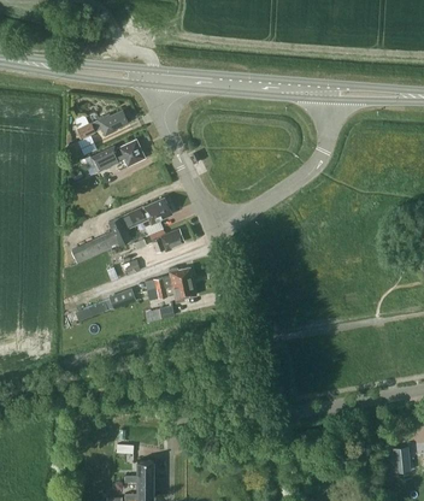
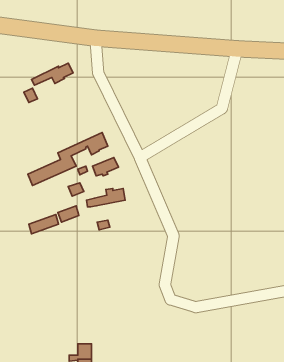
building: [81,138,143,175] -> none
building: [148,282,195,302] -> none

